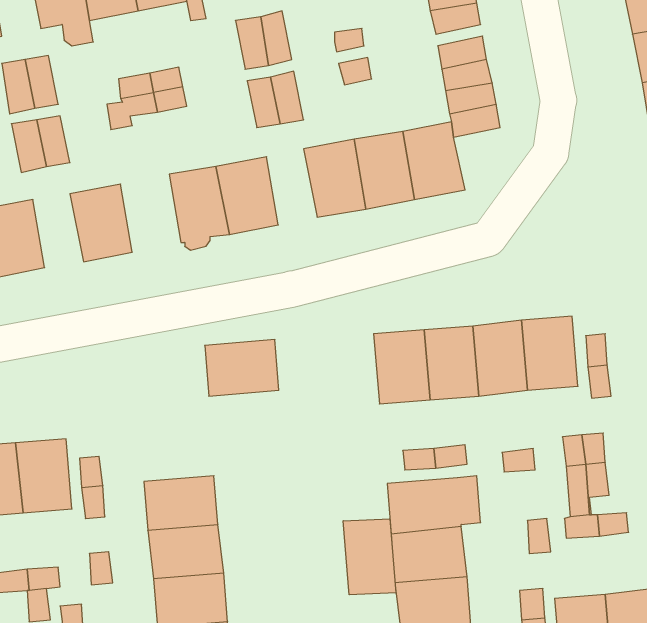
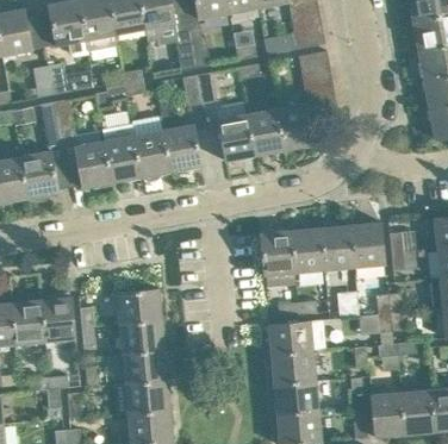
building: none -> [102,124,142,183]
building: [205,340,279,396] -> [117,289,162,324]
building: [343,519,396,595] -> none

